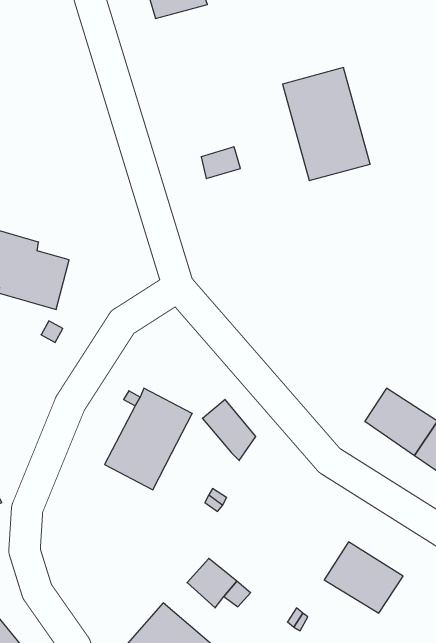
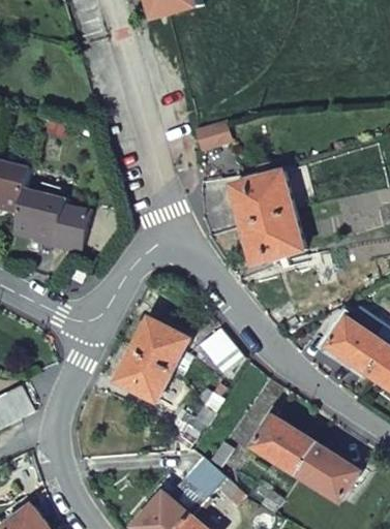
building: [283,68,370,181] -> [233,173,304,264]
building: none -> [253,408,316,474]

